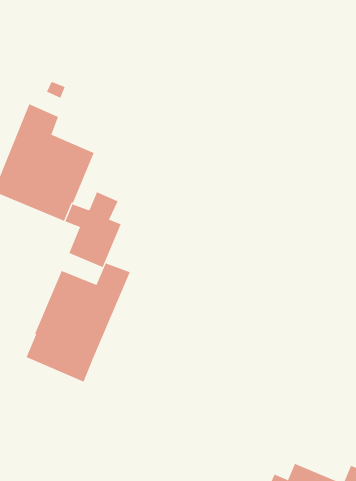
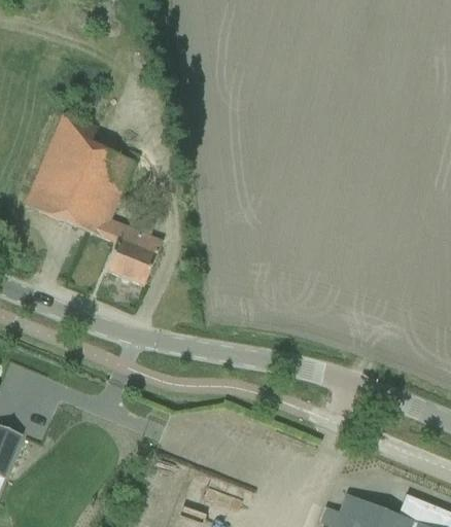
building: [26,262,130,382] -> none

